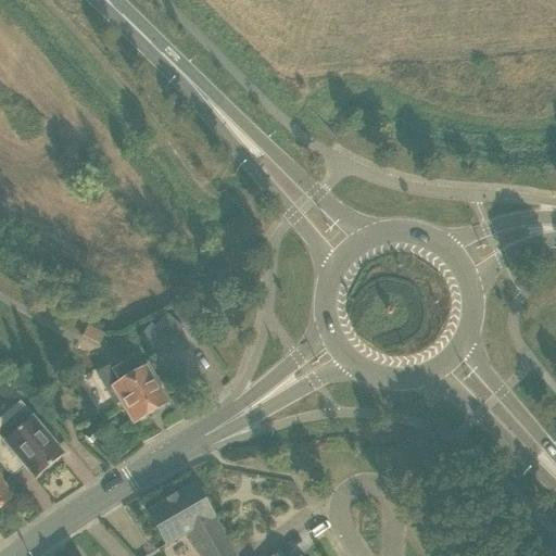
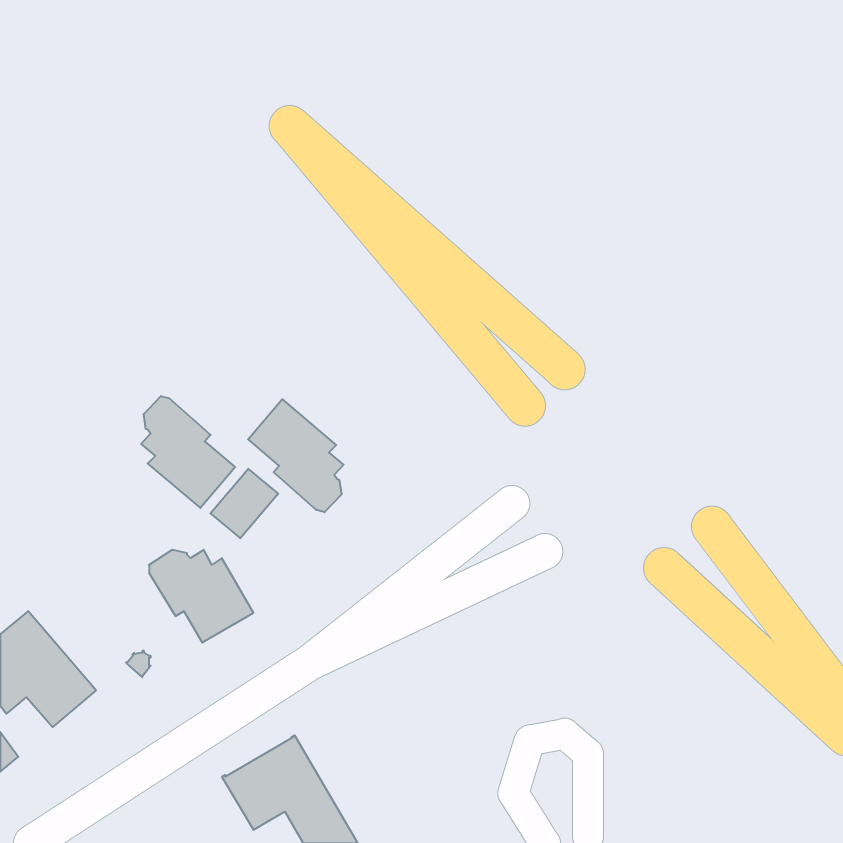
building: none -> [141,396,235,508]
building: none -> [248,399,344,512]

